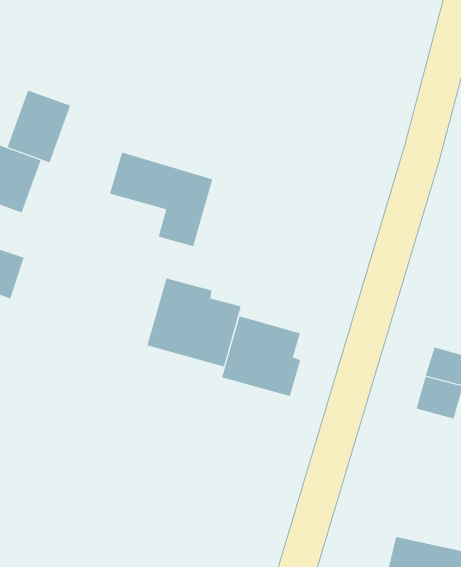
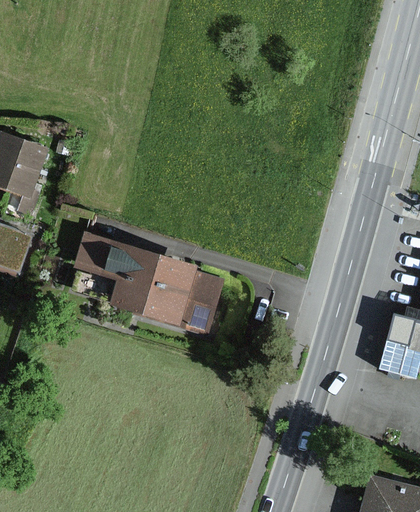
building: [7,90,71,163] -> none
building: [109,152,213,247] -> [67,229,159,313]
building: [222,316,301,397] -> none

